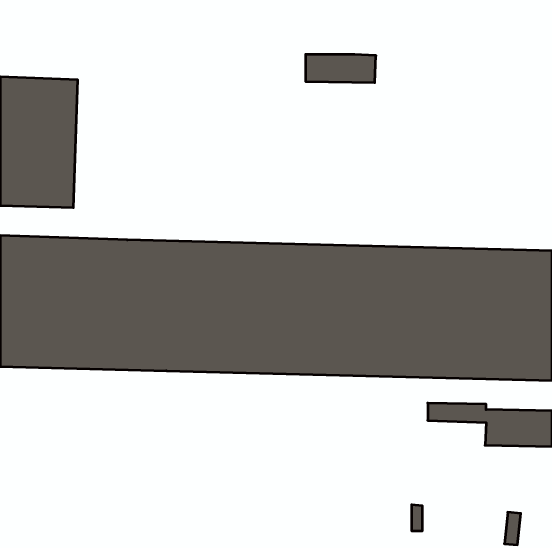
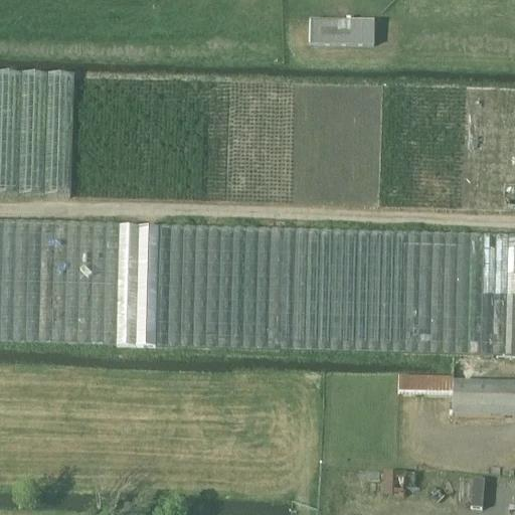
building: [306,54,376,83] -> [309,18,374,44]

